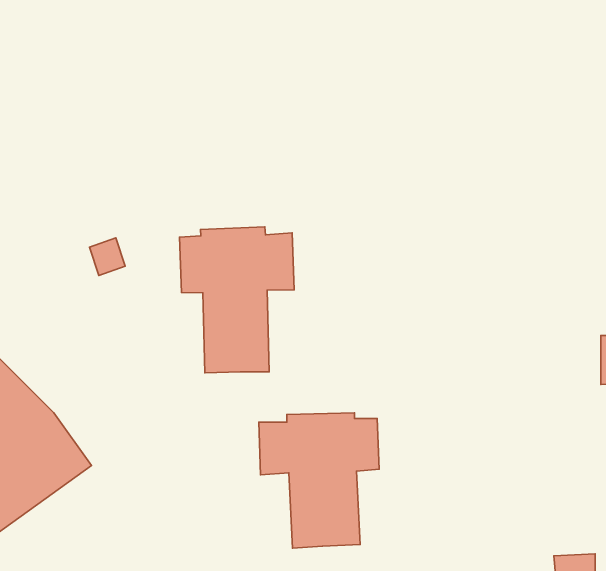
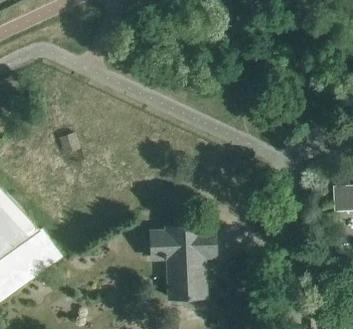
building: [179,227,294,373] -> none

